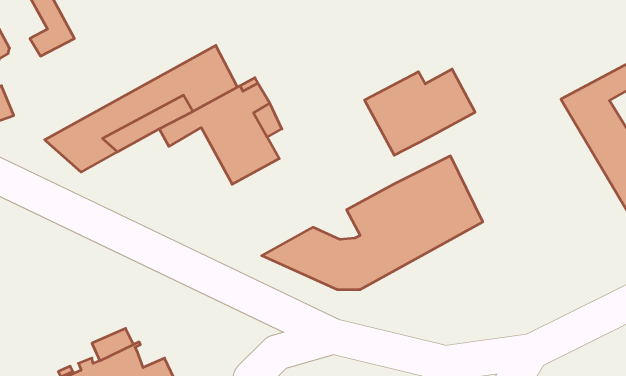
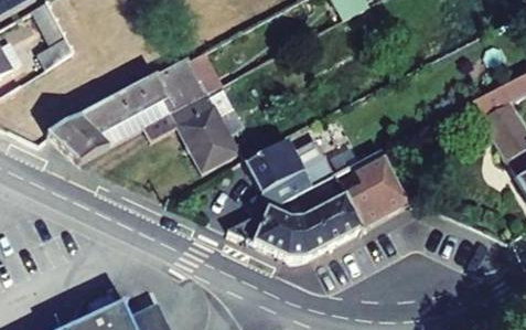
building: [365,69,475,155] -> [243,136,333,206]

